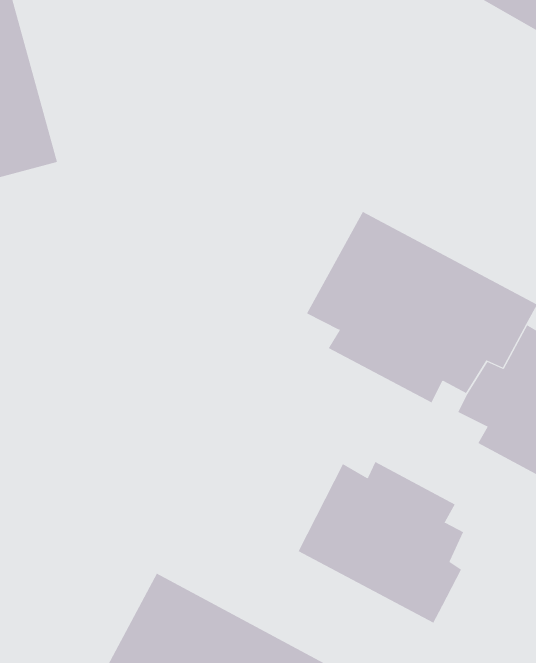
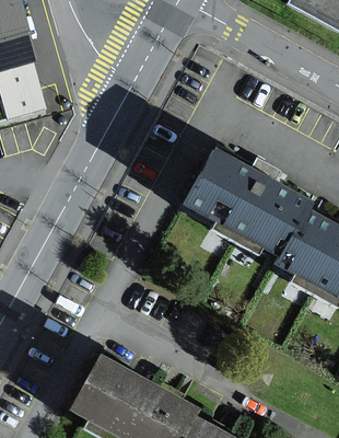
building: [298,461,464,624] -> none

